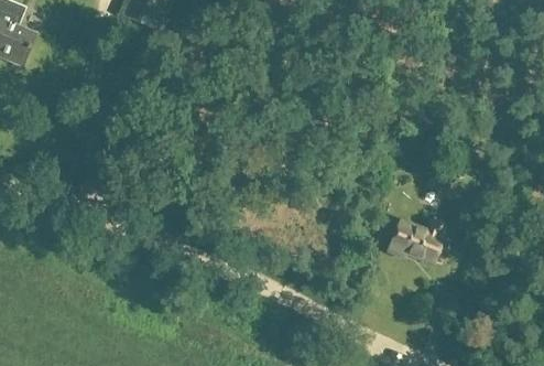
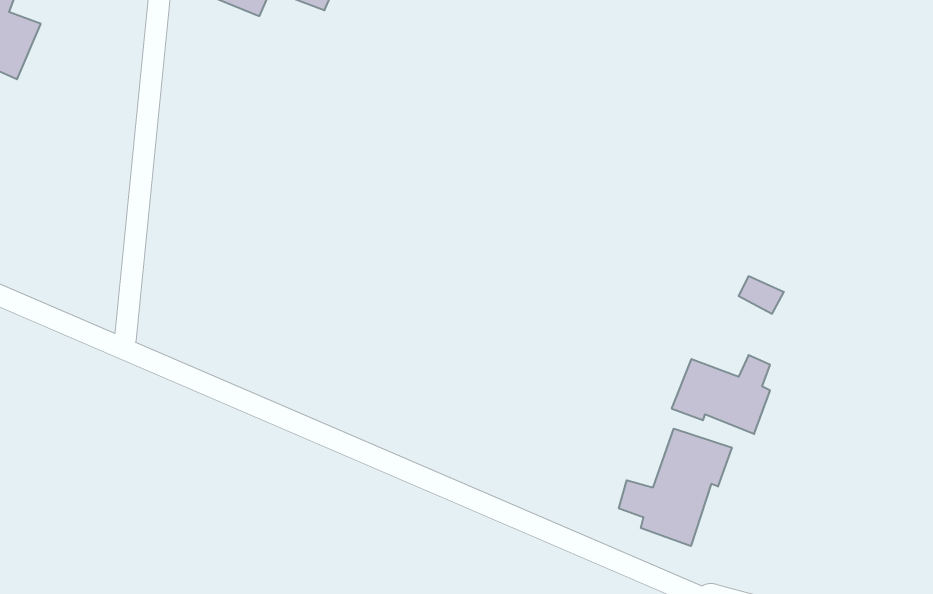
building: none -> [619,429,732,546]

